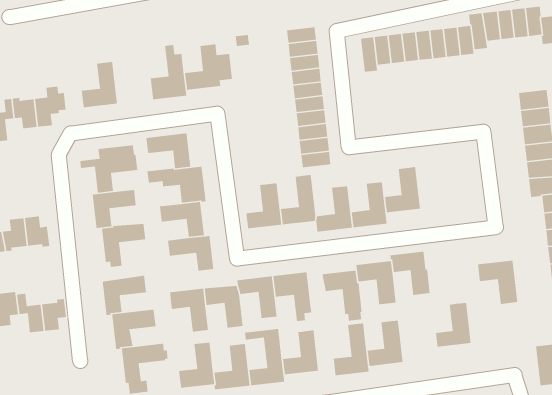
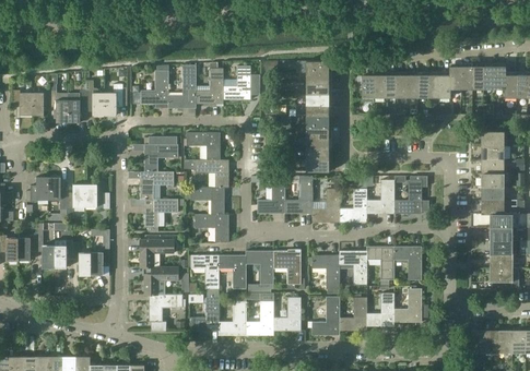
building: none -> [167,65,196,109]
building: none -> [394,180,422,214]
building: [477,260,518,305] -> [393,247,422,280]
building: none -> [367,294,394,327]

